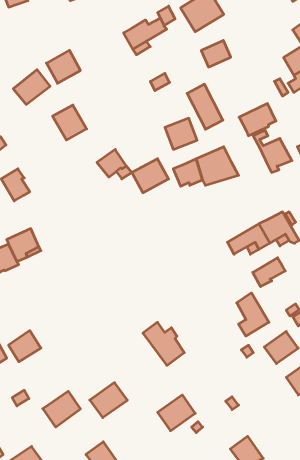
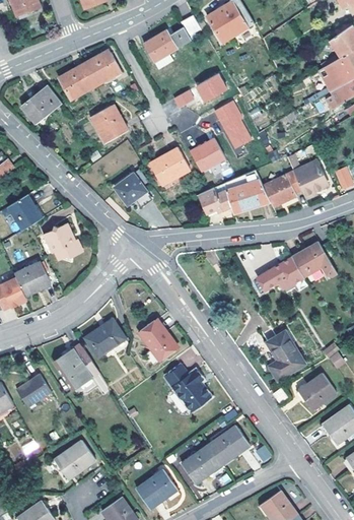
building: none -> [83,49,122,85]
building: [201,40,231,67] -> [194,73,226,103]
building: [239,104,276,136] -> [262,171,302,206]
building: [53,105,87,140] -> [90,104,128,142]
building: [132,159,169,193] -> [149,147,190,185]
building: none -> [45,224,83,259]
building: [253,258,285,287] -> none
building: none -> [85,319,125,356]
building: none -> [139,319,178,360]
building: none -> [54,343,99,390]
building: none -> [208,425,250,464]
building: [90,383,127,418] -> [136,469,178,508]

